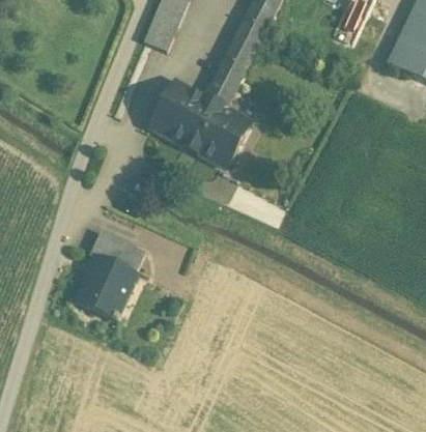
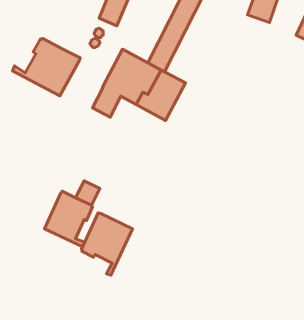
building: none -> [13,39,80,96]
building: [91,228,127,261] -> none
building: none -> [82,213,132,275]

